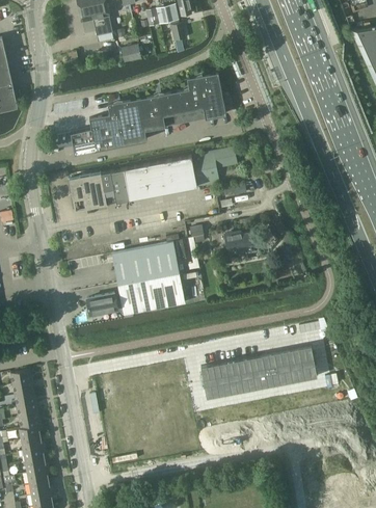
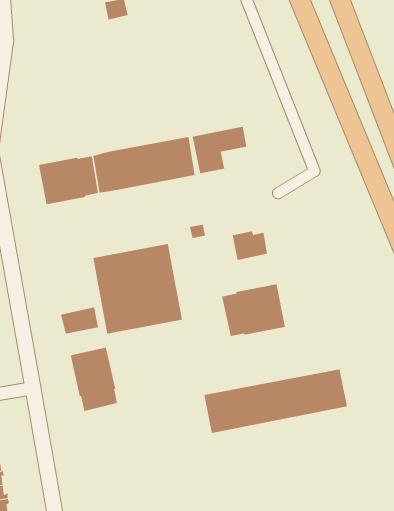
building: [71,74,226,155] -> none
building: none -> [221,283,286,337]
building: none -> [70,347,118,412]

